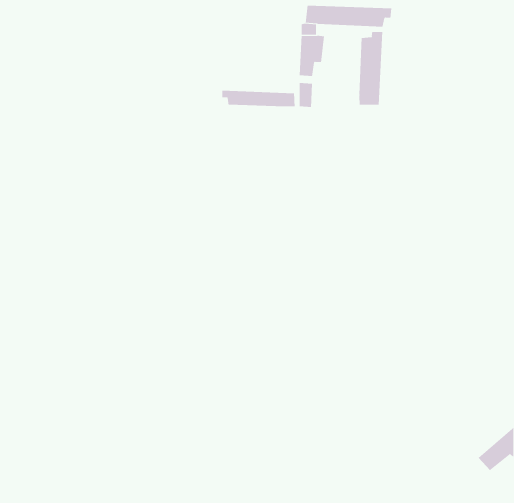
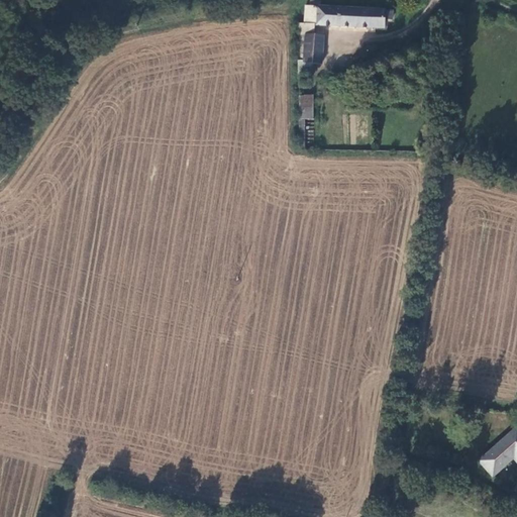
building: [359,31,383,105] -> none
building: [222,90,295,107] -> none

